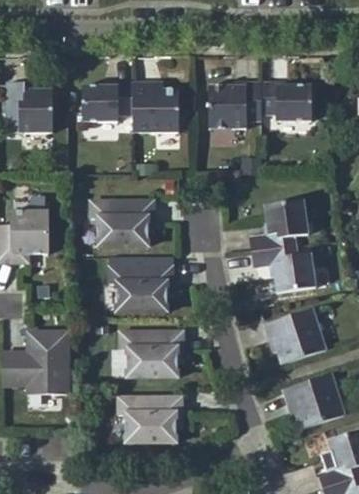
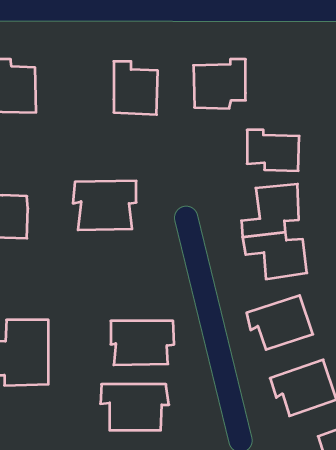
building: [260,78,311,118] -> [247,130,299,171]
building: [78,80,131,124] -> none
building: [108,264,171,310] -> none

